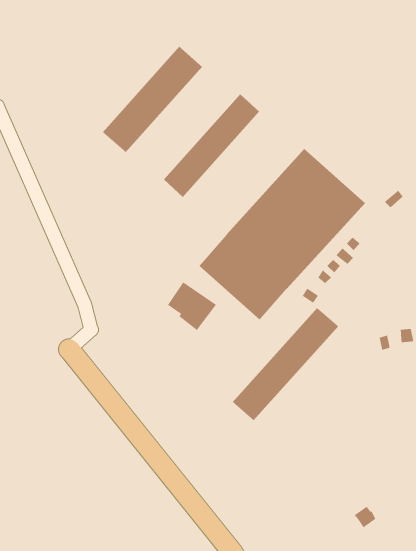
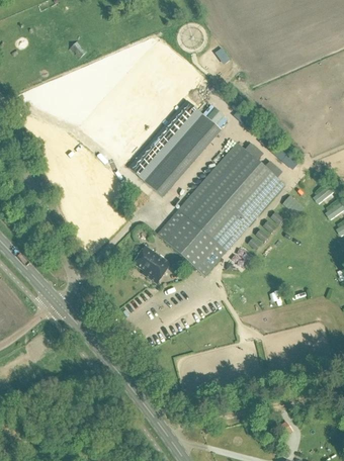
building: [102,46,203,153] -> [144,113,222,196]
building: [232,307,339,421] -> none

